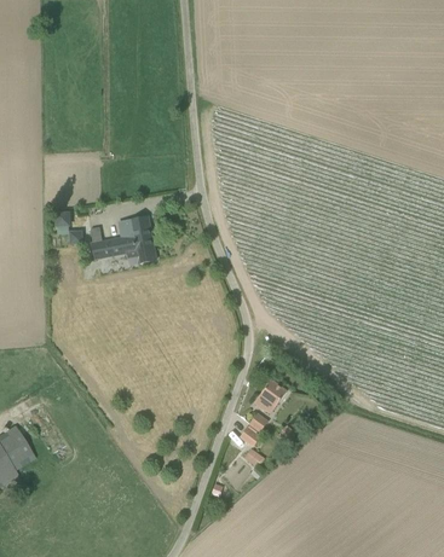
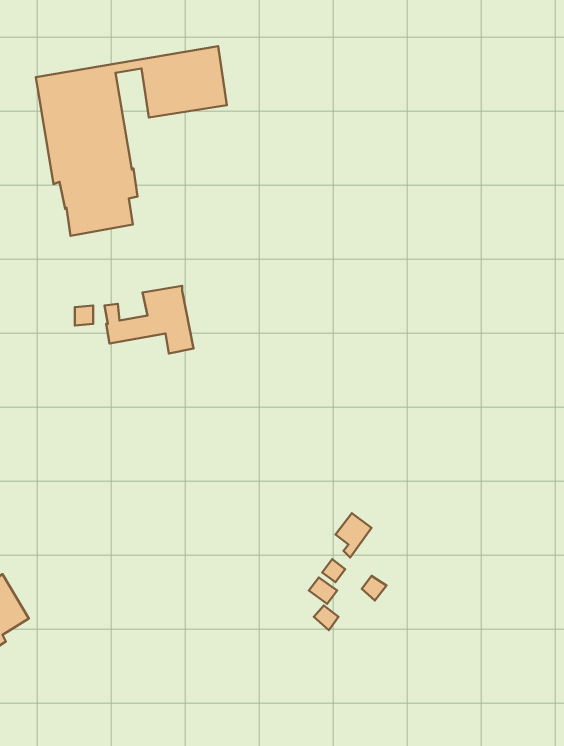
building: none -> [36,46,227,236]

